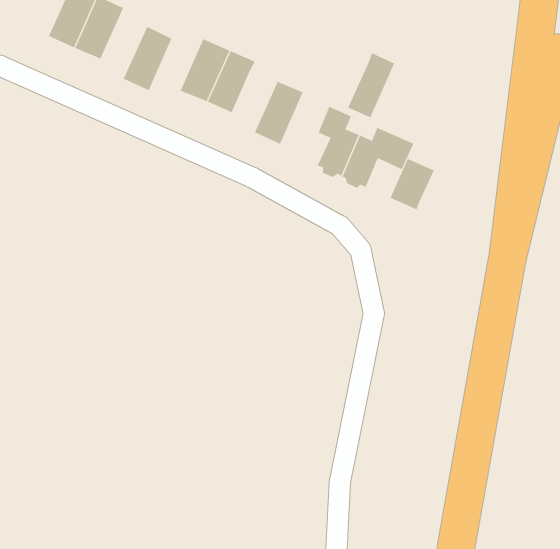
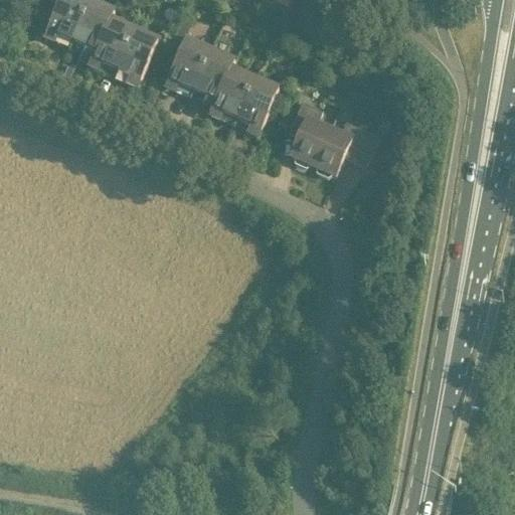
building: none -> [90,14,135,72]
building: [348,53,395,118] -> none
building: none -> [209,64,254,122]
building: [390,158,434,210] -> none

